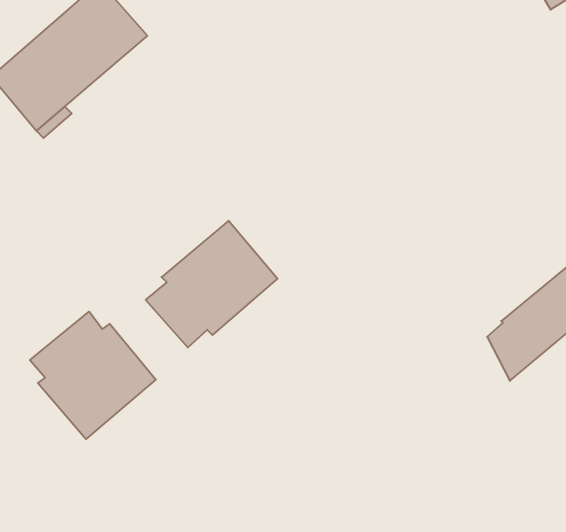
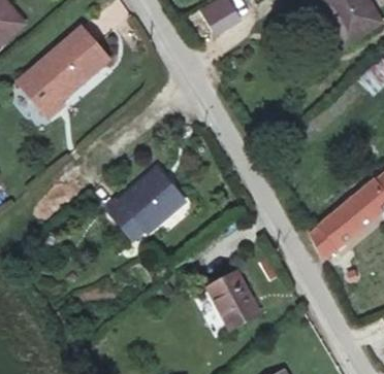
building: [30,312,156,439] -> none
building: none -> [207,271,259,329]

